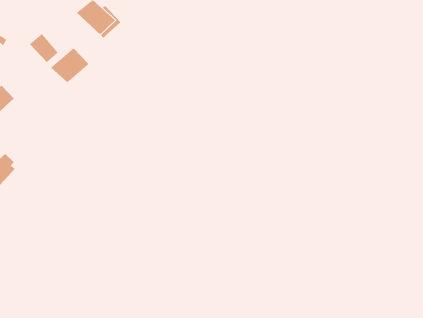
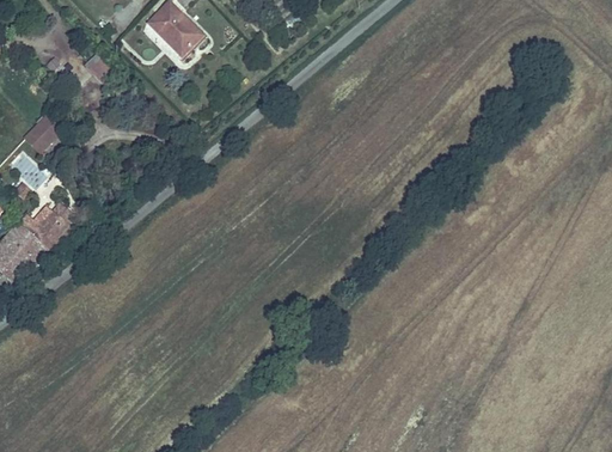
building: [50,48,90,83] -> none

